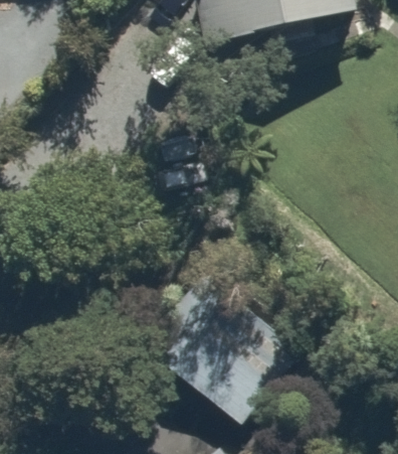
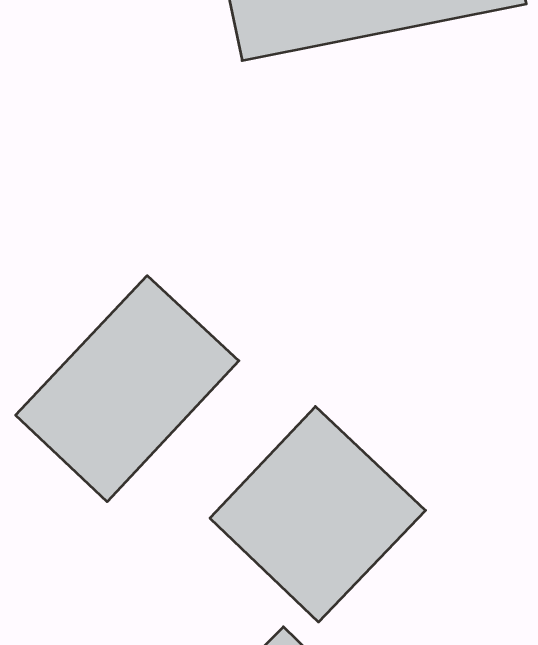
building: none -> [16,276,239,502]

